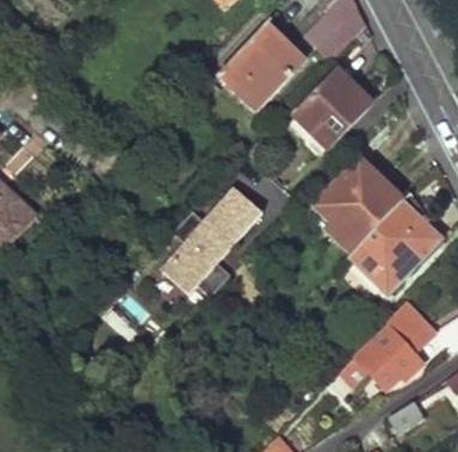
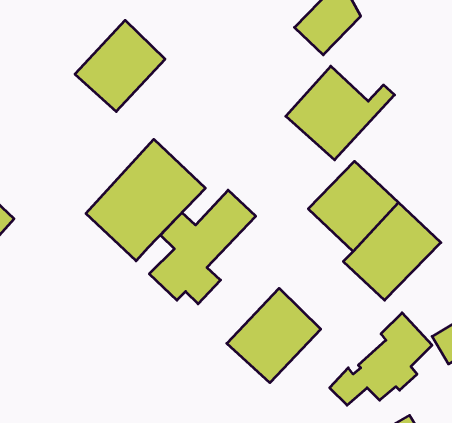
building: [218,21,304,109] -> [75,20,165,112]
building: none -> [86,139,205,261]
building: none -> [227,288,321,383]

